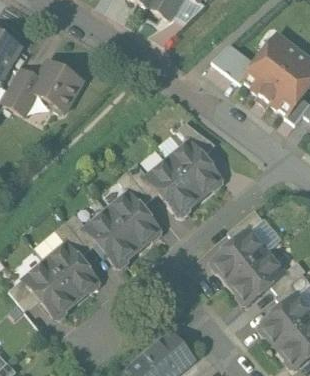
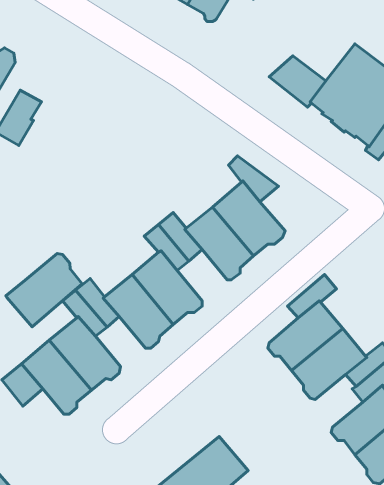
building: [31,62,84,115] -> none
building: none -> [6,253,82,327]

